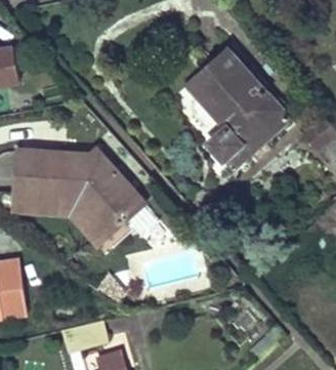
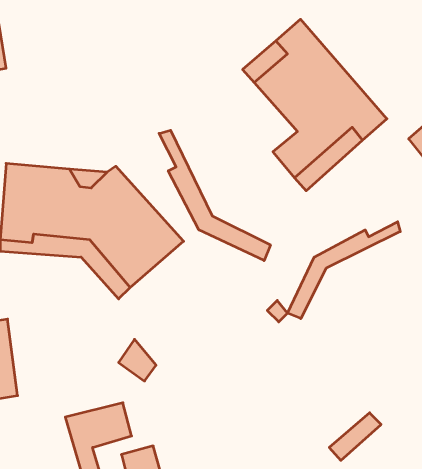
building: none -> [159,130,270,261]
building: none -> [287,222,400,319]

